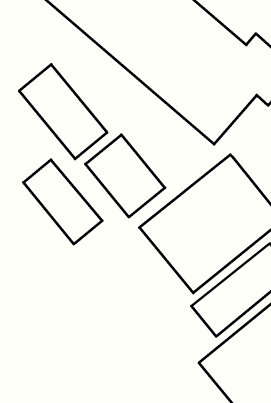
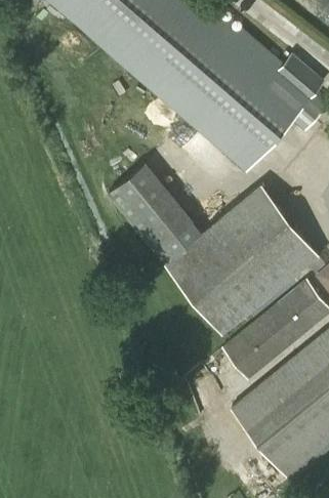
building: [19,64,107,159] -> none
building: [23,160,102,244] -> none

